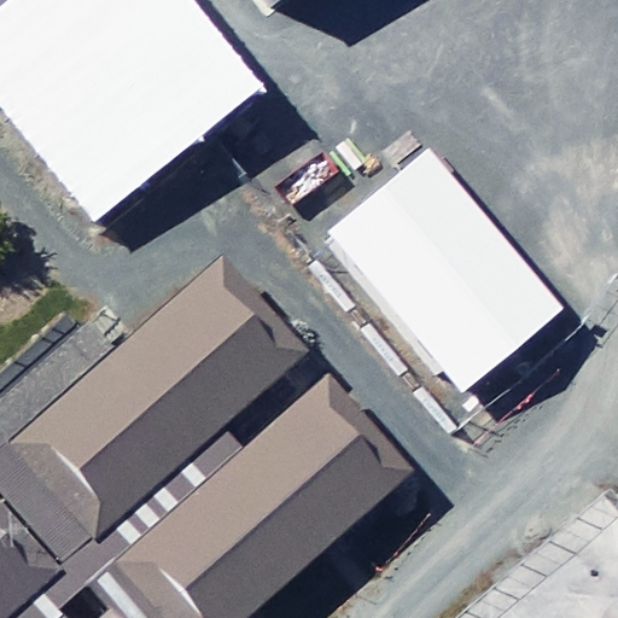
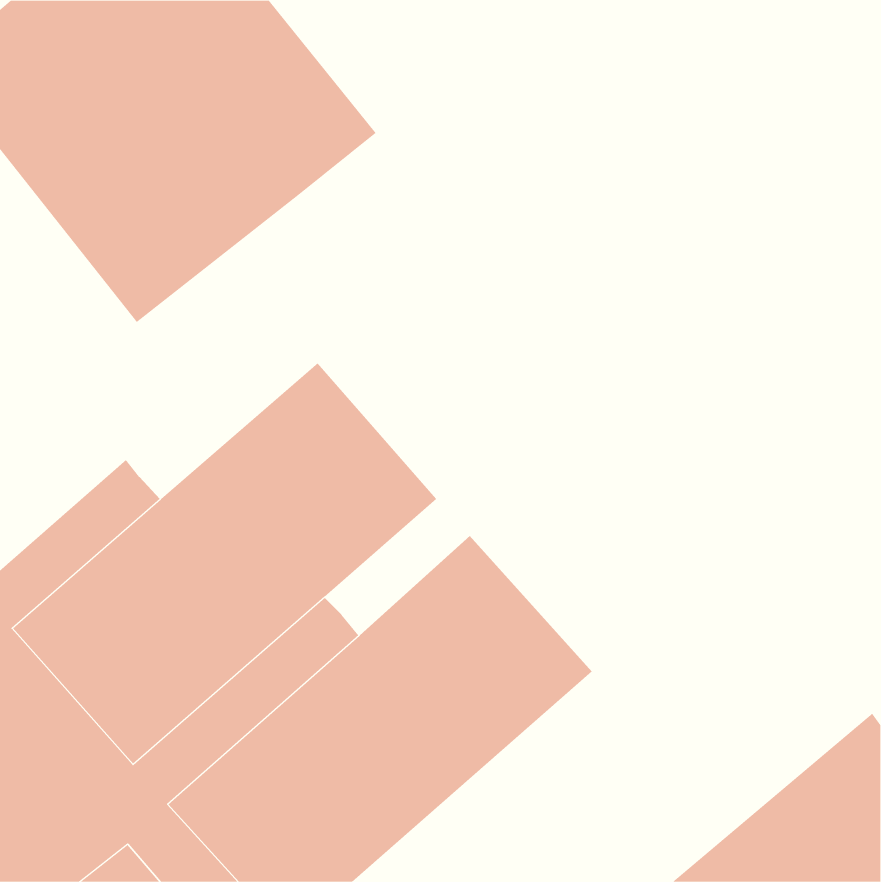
building: [326,150,561,392] -> none

